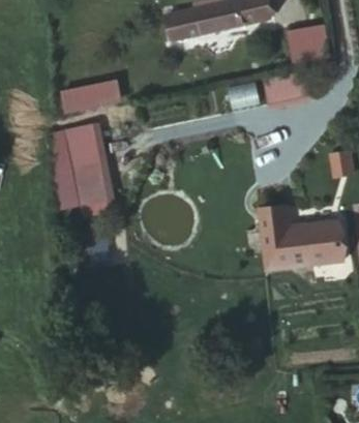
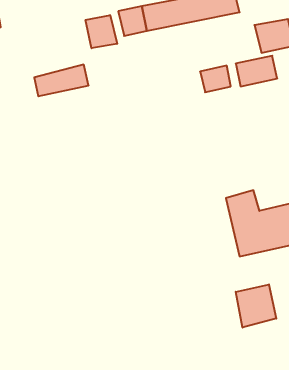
building: none -> [86,15,117,48]
building: [53,133,116,229] -> none
building: none -> [236,284,276,328]

